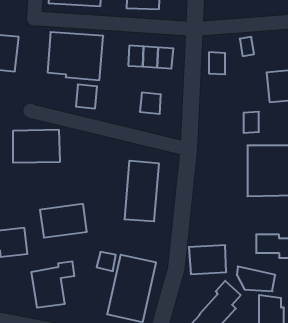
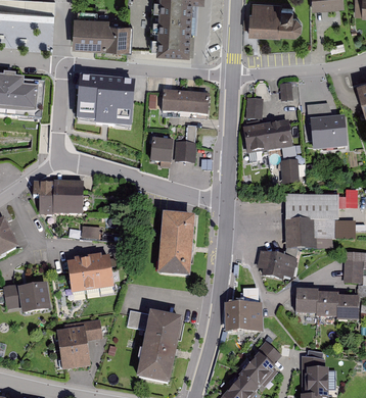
building: none -> [243,117,299,160]
building: [76,84,97,108] -> [148,137,171,162]
building: [237,266,275,291] -> [256,250,296,277]

